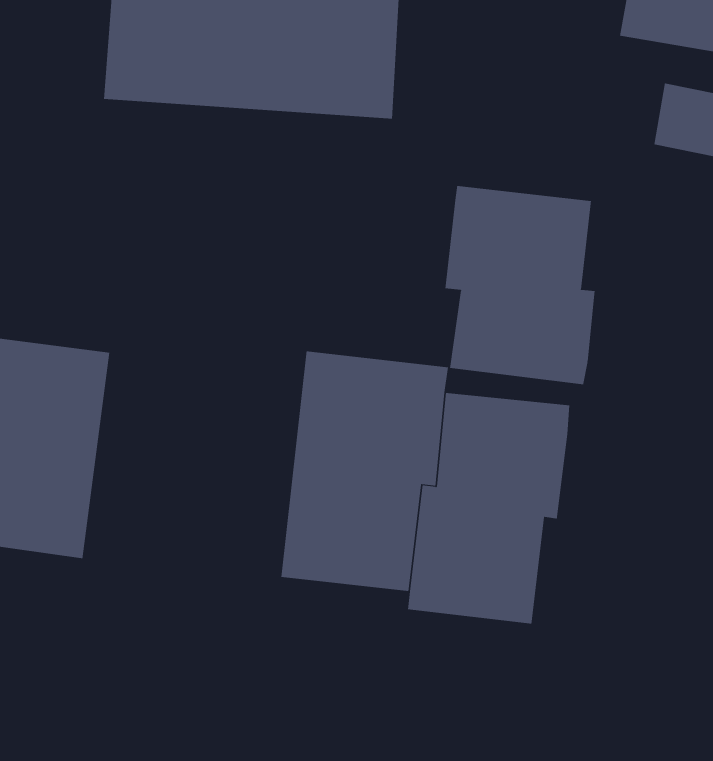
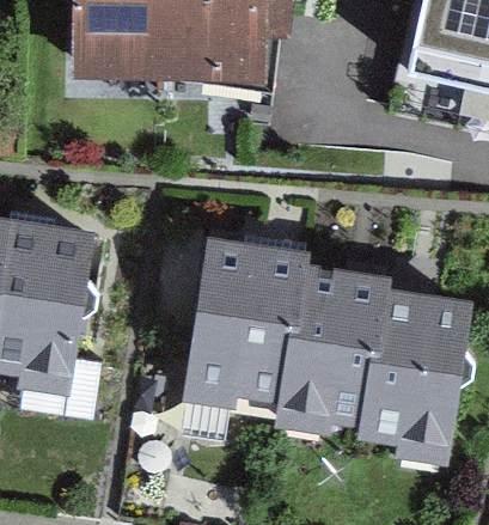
building: [445,185,595,385] -> none
building: none -> [359,297,463,447]

